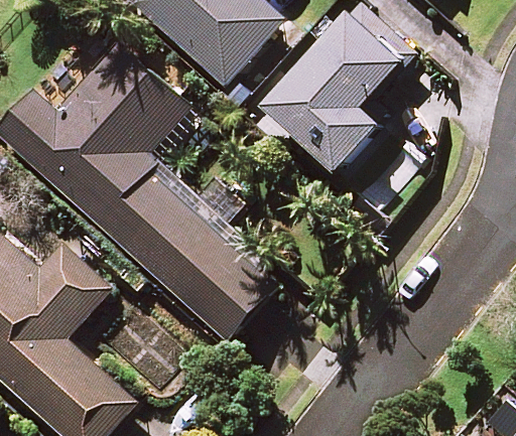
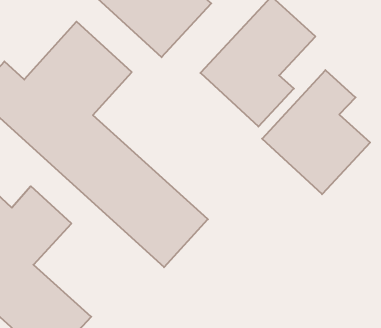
building: none -> [262,70,370,194]

